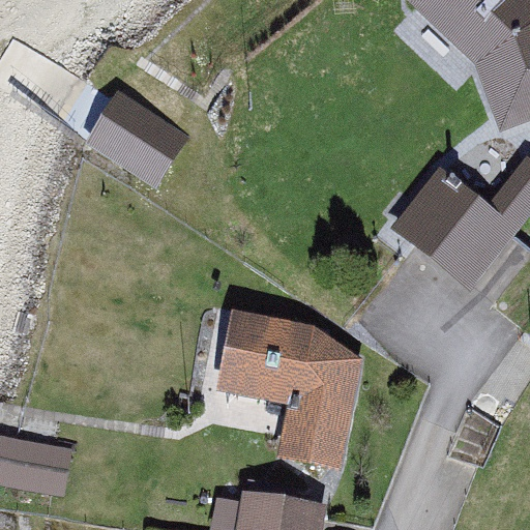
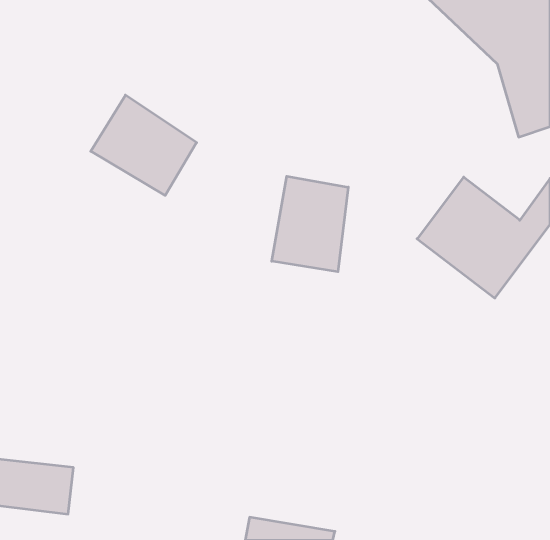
building: none -> [272,176,348,272]
building: [210,311,361,469] -> none

